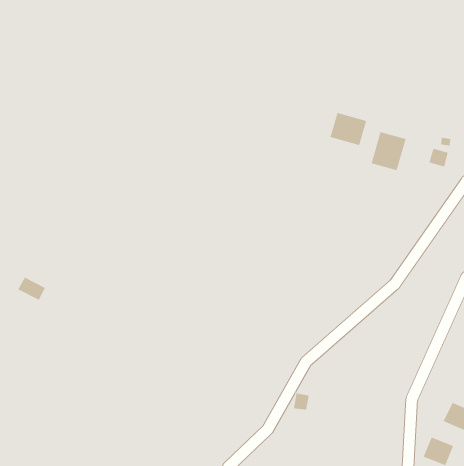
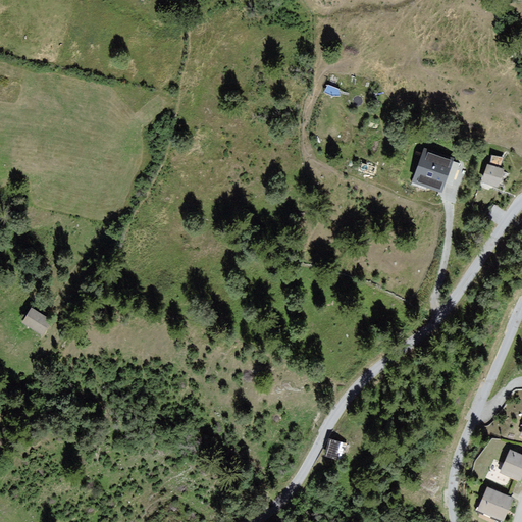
building: [330,112,367,146] -> none

